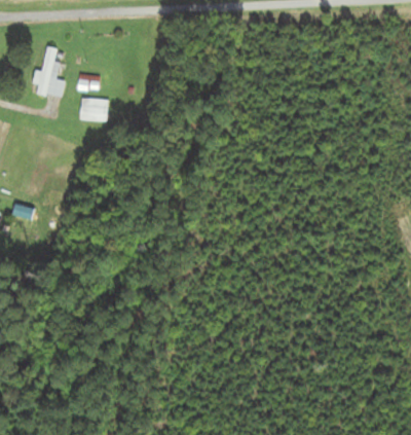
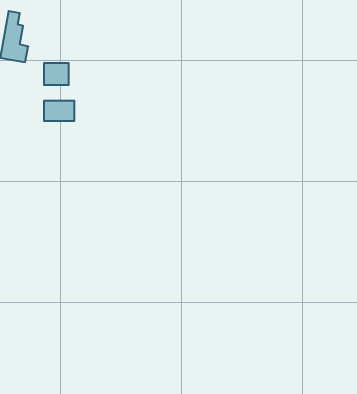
building: none -> [44,101,74,121]

